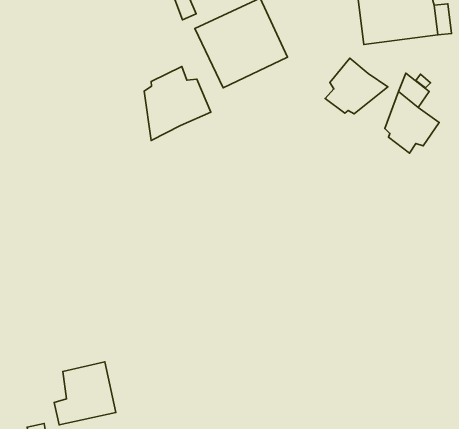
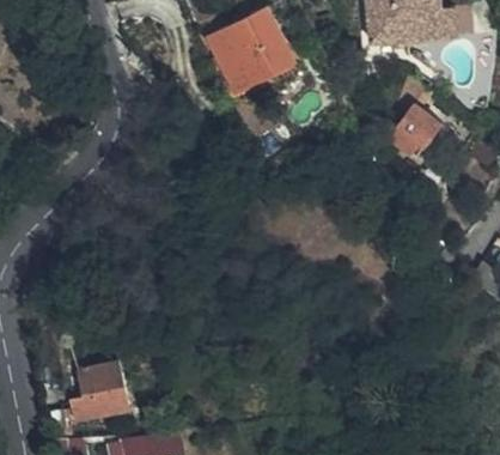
building: [325,58,388,114] -> none
building: [144,67,211,141] -> none

